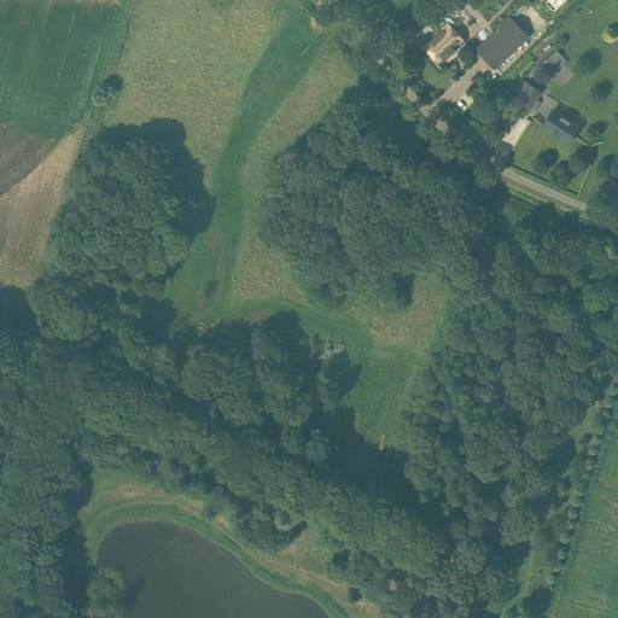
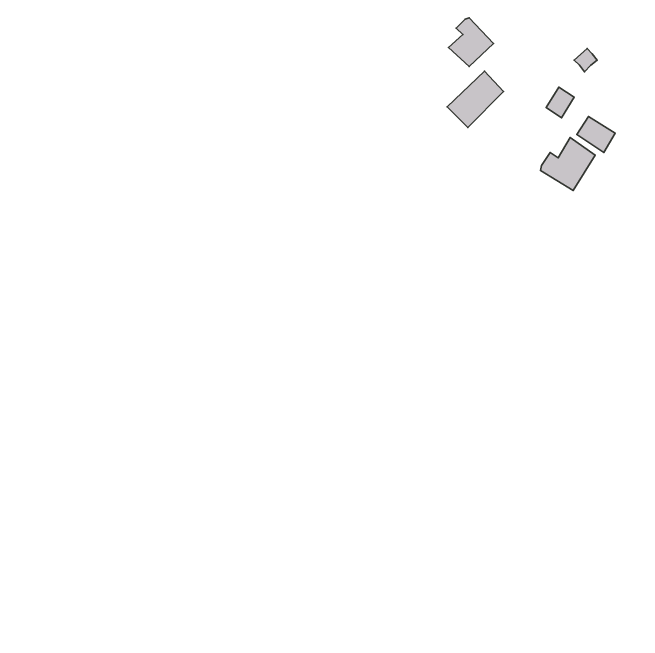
building: [476,18,529,71] -> [447,71,504,127]
building: none -> [541,138,595,191]

